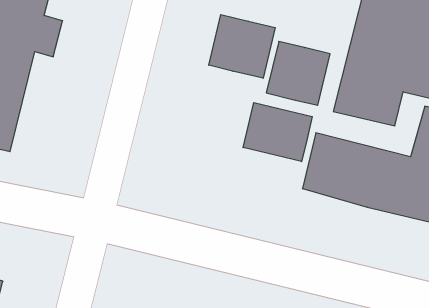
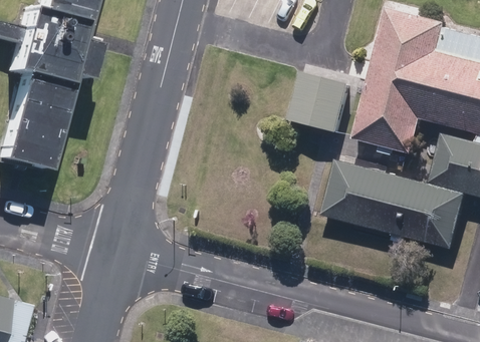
building: [209,15,275,78] -> none
building: [243,103,312,162] -> none

